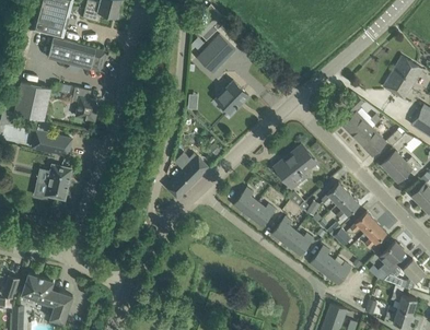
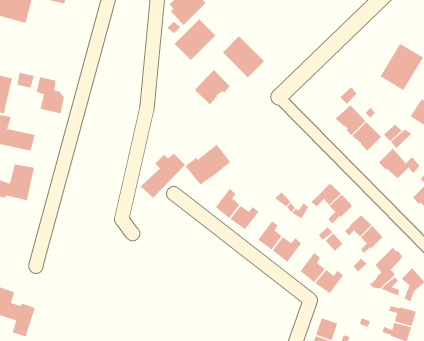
building: [48,37,106,71] -> none
building: none -> [222,35,265,78]
building: [274,144,319,185] -> [184,141,235,186]

